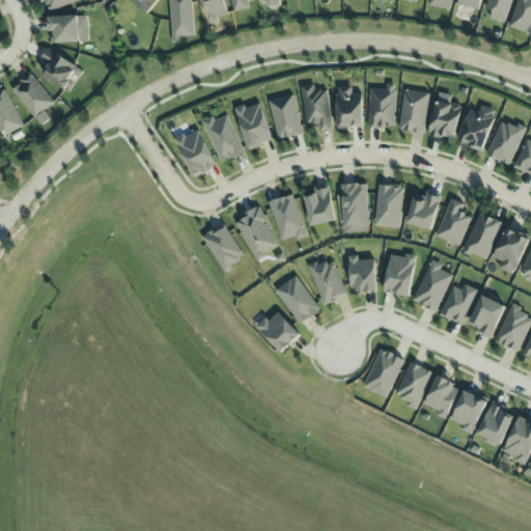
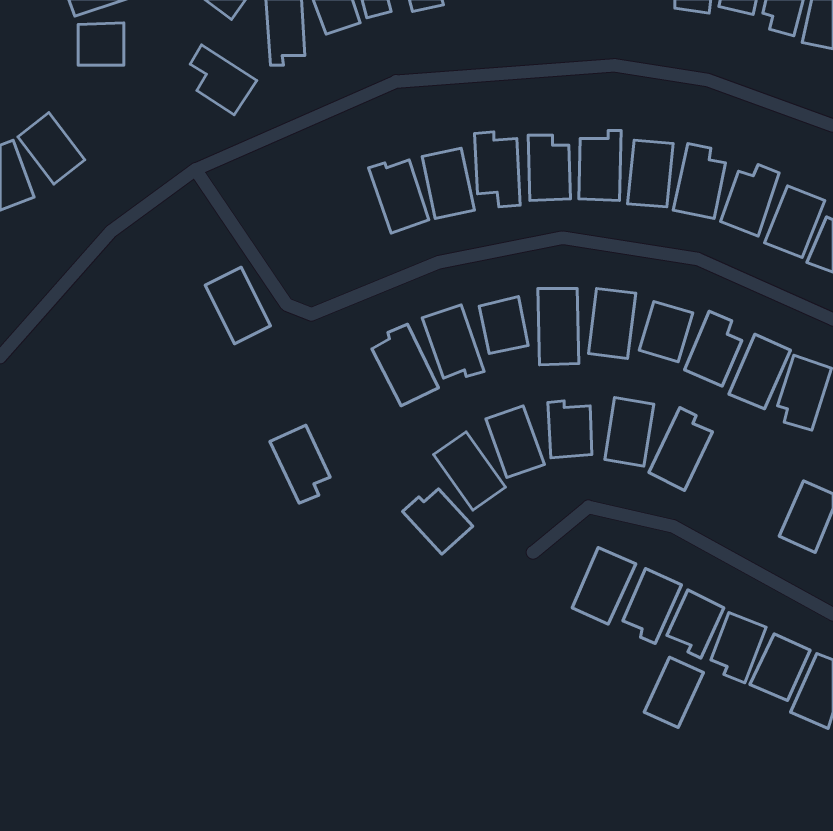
building: [39,47,82,91] -> [190,45,257,115]
building: [202,114,244,162] -> none
building: [175,128,217,176] -> [205,267,270,344]
building: [204,224,243,274] -> [270,425,330,503]
building: [440,283,478,325] -> none
building: [469,295,506,339] -> none
building: none -> [644,657,704,727]

